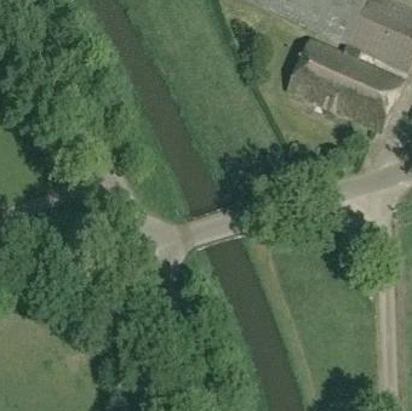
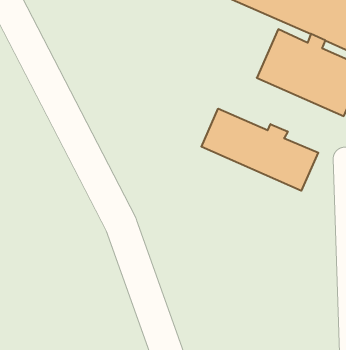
building: none -> [201,109,318,191]

